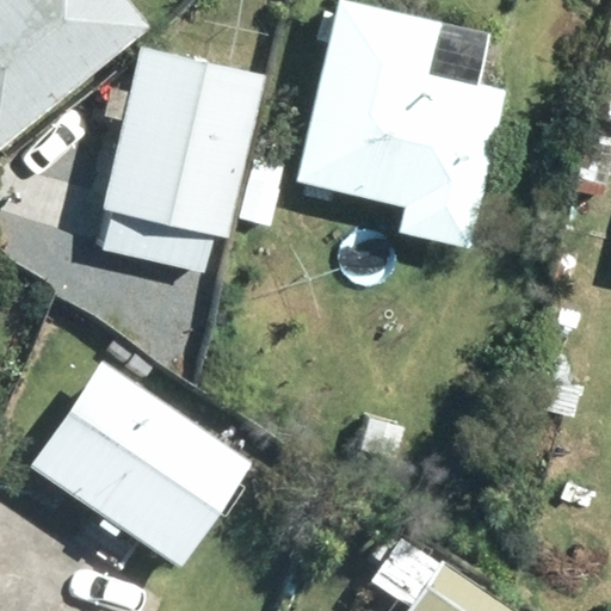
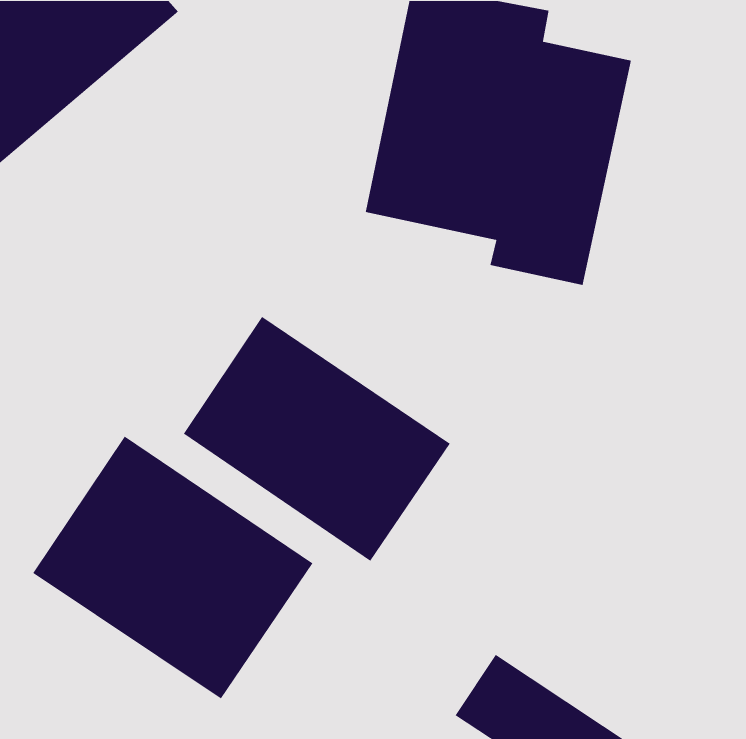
building: [97,39,264,271] -> none
building: none -> [183,316,451,562]

